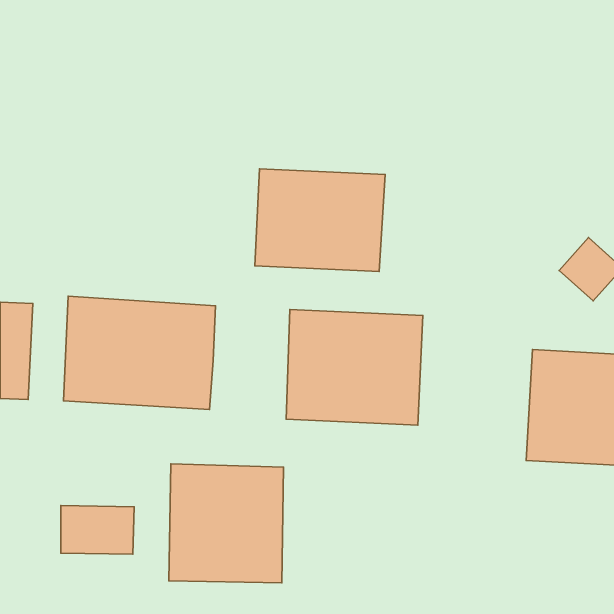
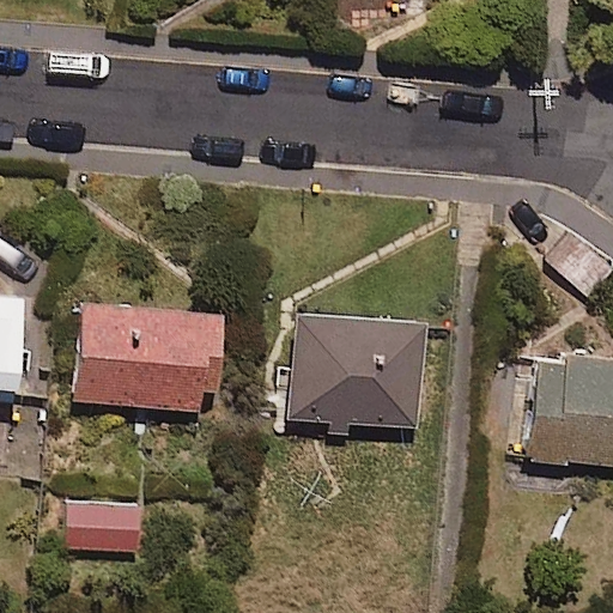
building: [255,169,385,271] -> none
building: [169,464,284,583] -> none

